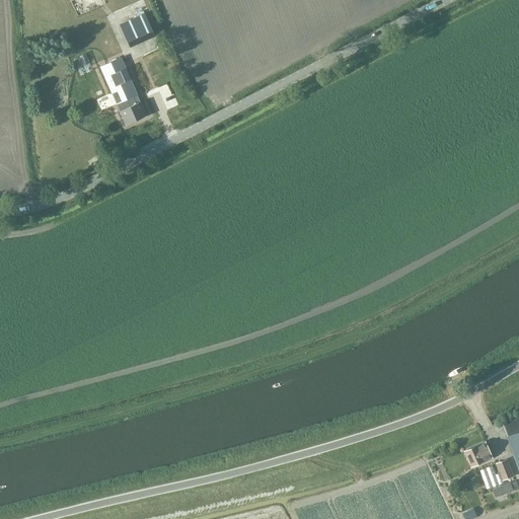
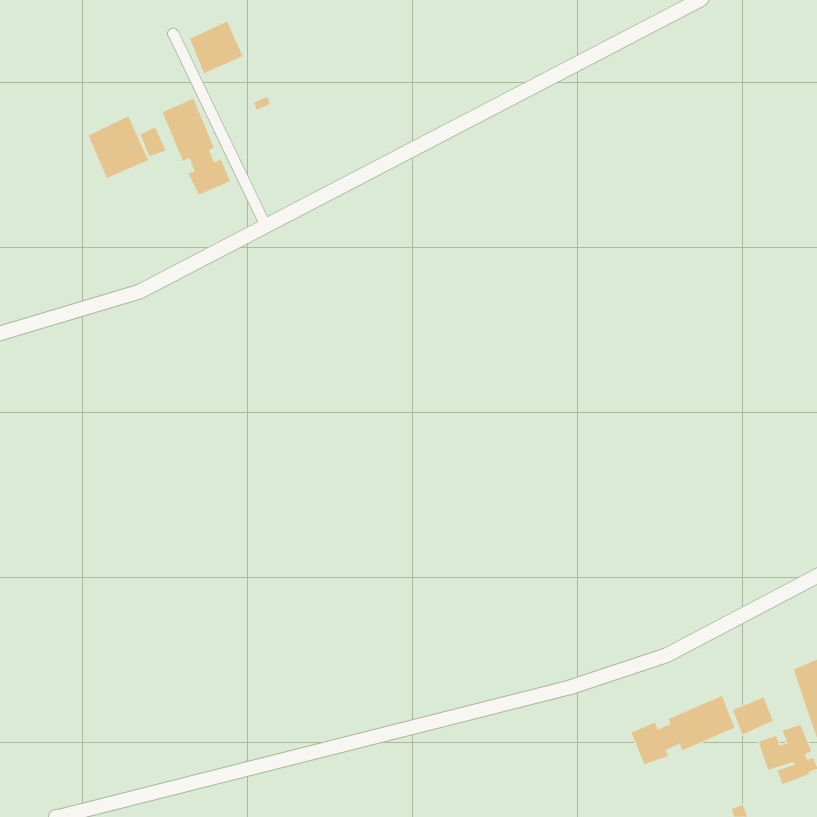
building: none -> [88,116,149,179]
building: none -> [631,695,735,765]

